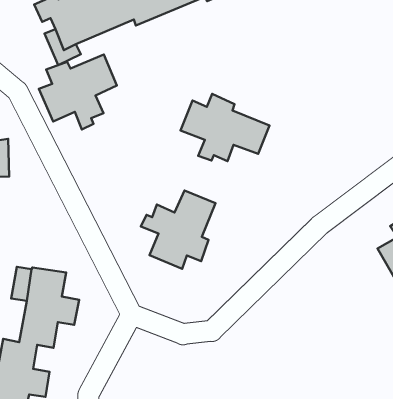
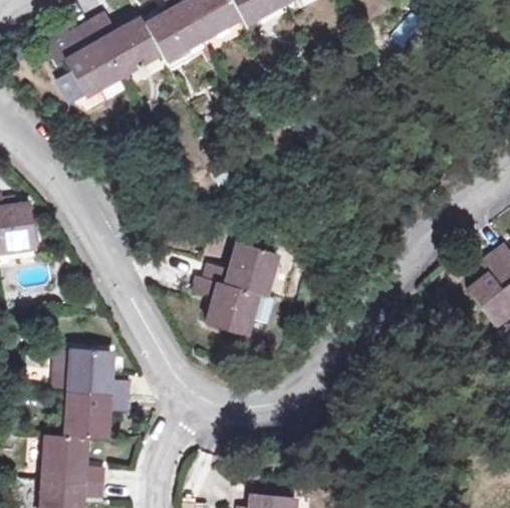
building: [39,54,117,130] -> none
building: [181,94,270,161] -> none

